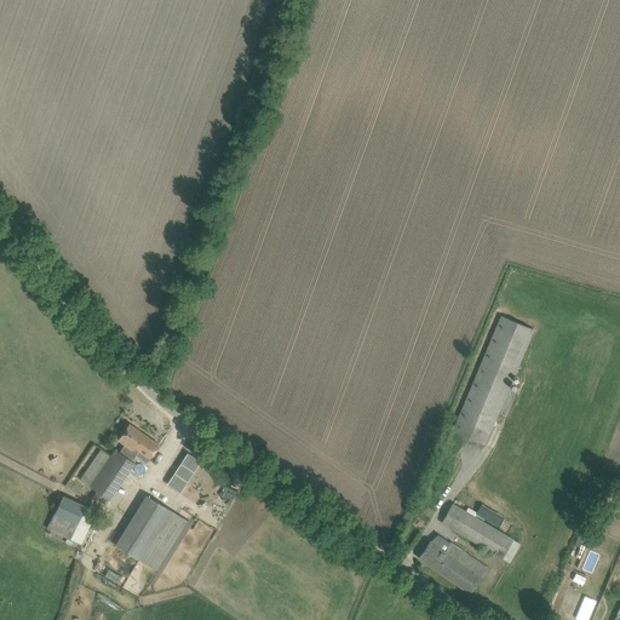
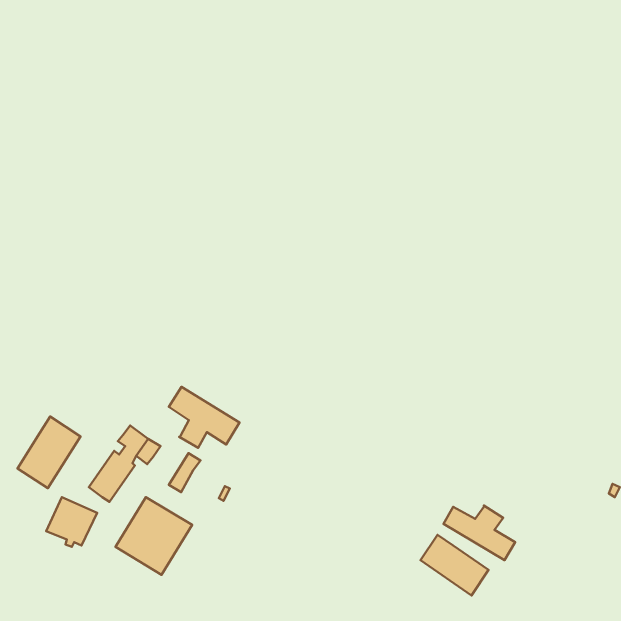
building: [448,316,534,446] -> none
building: none -> [169,387,240,448]
building: none -> [17,417,81,488]

